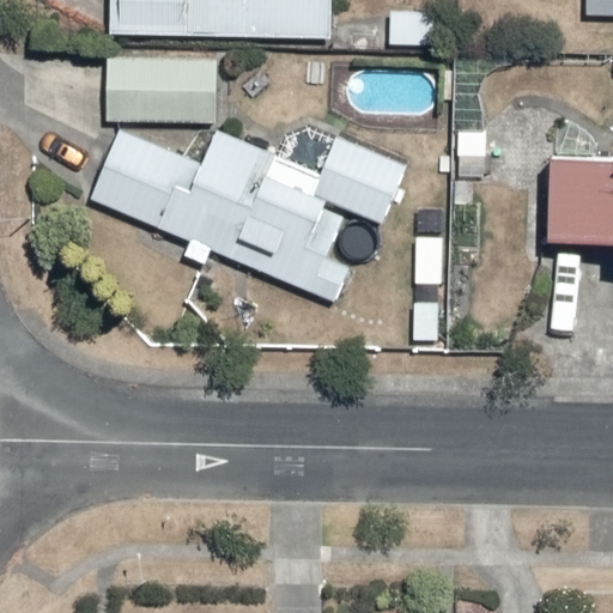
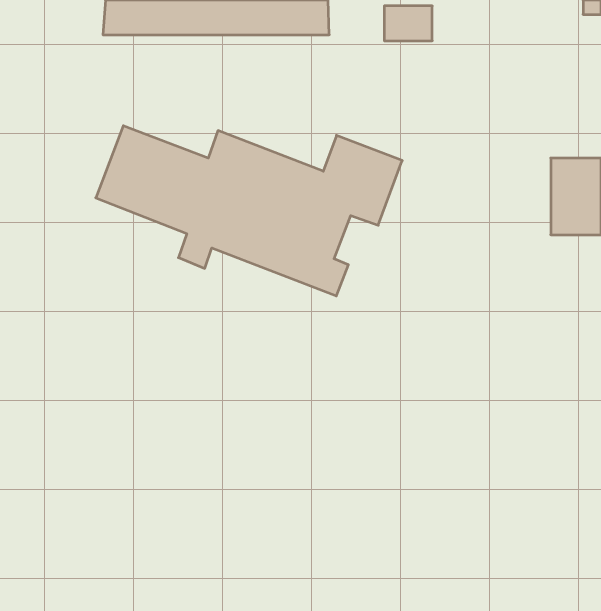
building: [107,51,200,121] -> none

